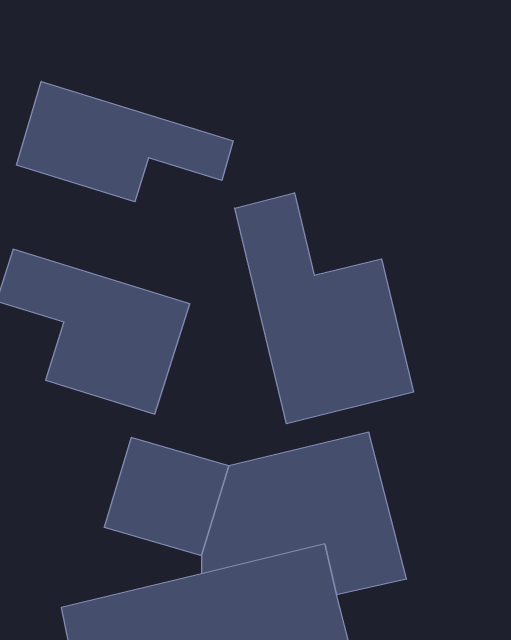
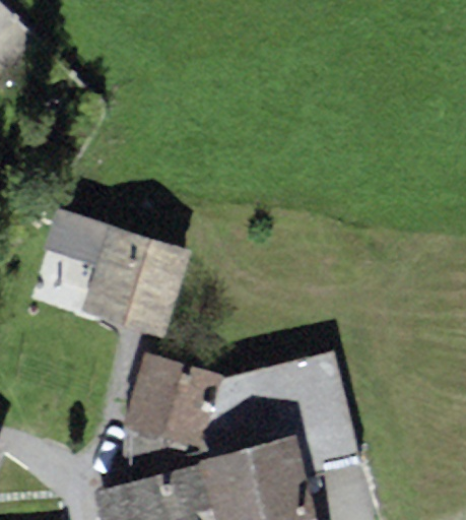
building: [16,81,233,202] -> none
building: [235,193,413,424] -> none

